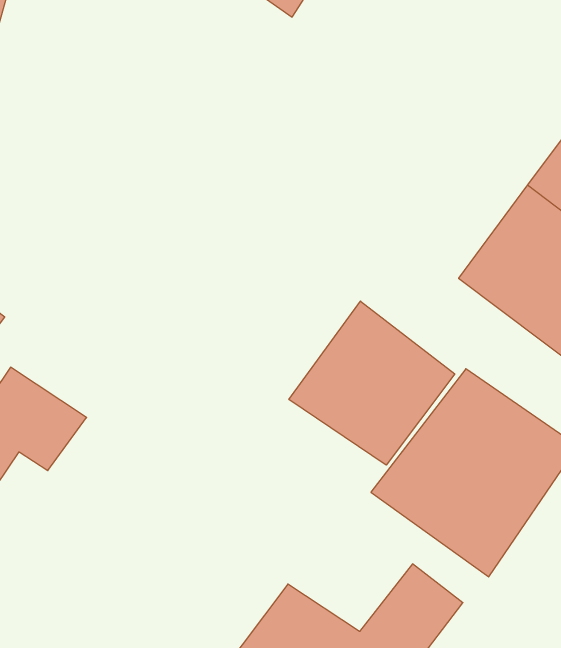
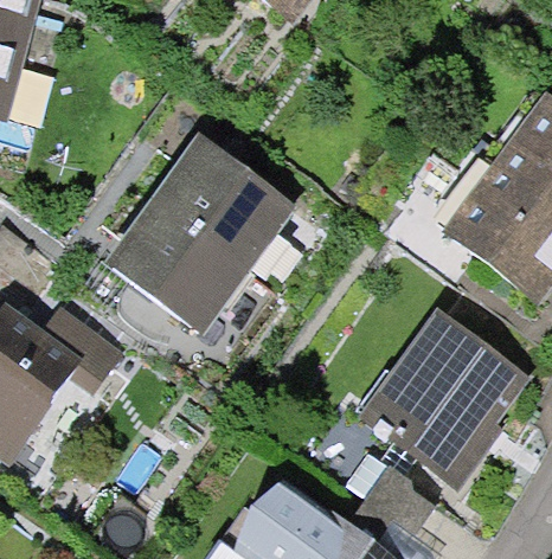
building: none -> [105,133,297,333]
building: [289,301,455,465] -> none

